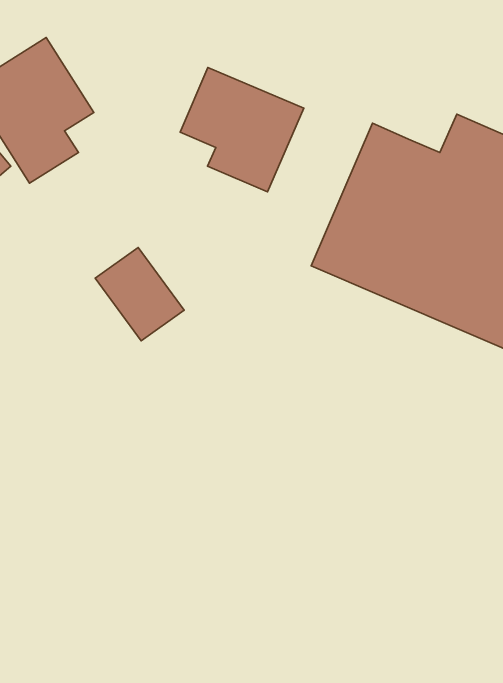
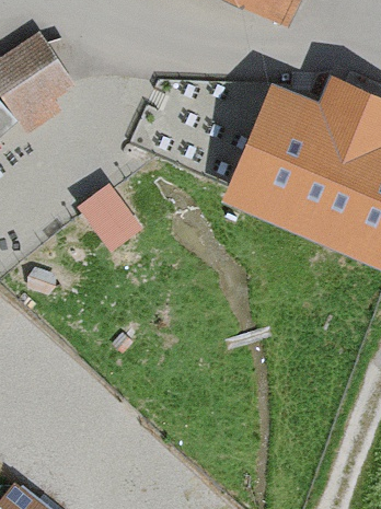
building: [180,67,304,192] -> none

